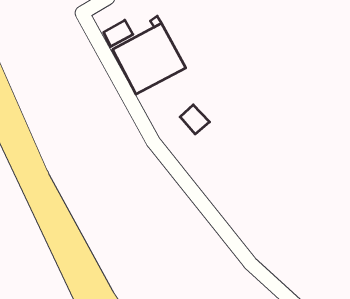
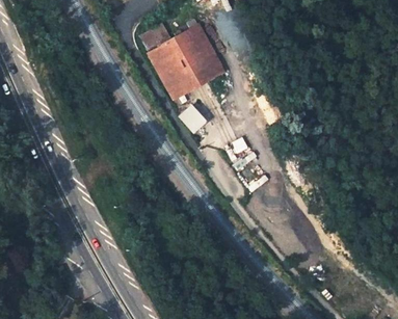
building: [180,105,210,134] -> [178,102,208,132]

